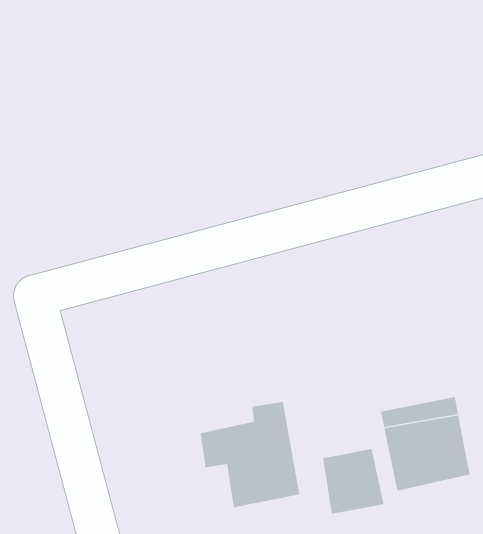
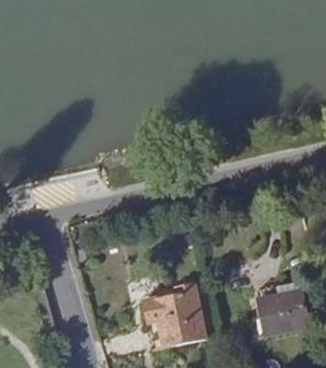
building: [322,448,384,514] -> none

